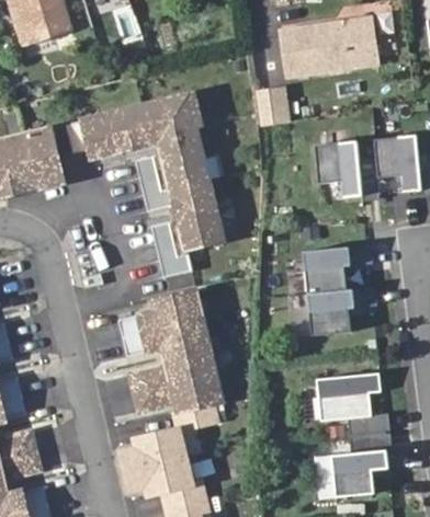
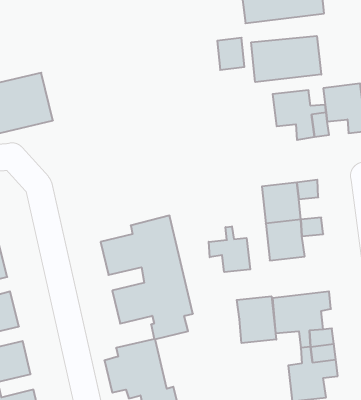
building: none -> [251,36,321,82]
building: [69,93,226,277] -> none
building: none -> [209,226,250,272]
building: none -> [237,296,276,343]

